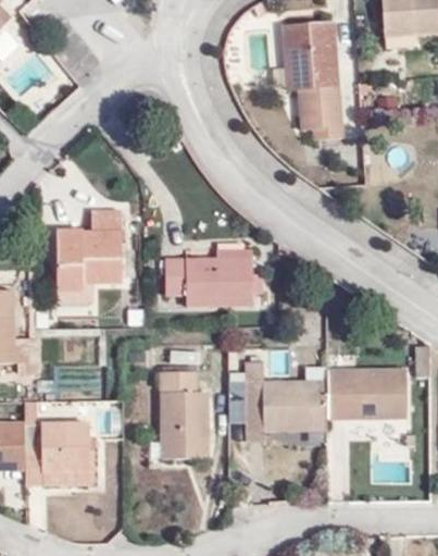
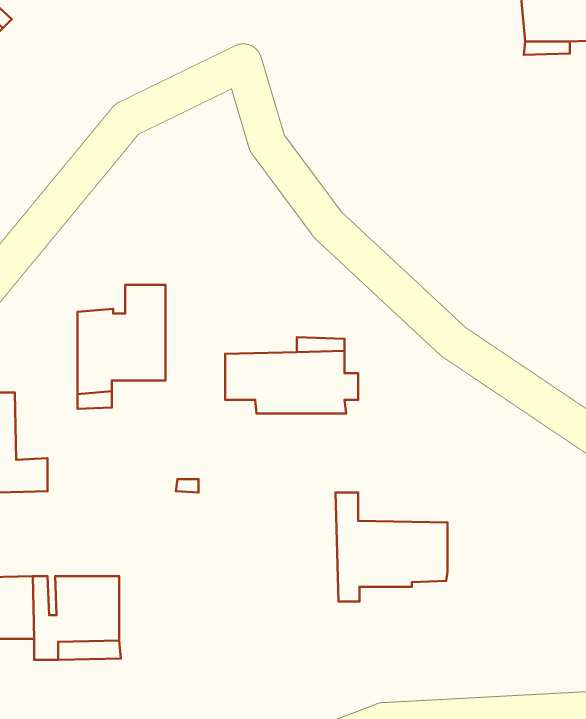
building: [286,22,341,141] -> none
building: [327,370,405,420] -> none
building: [161,372,209,459] -> none

